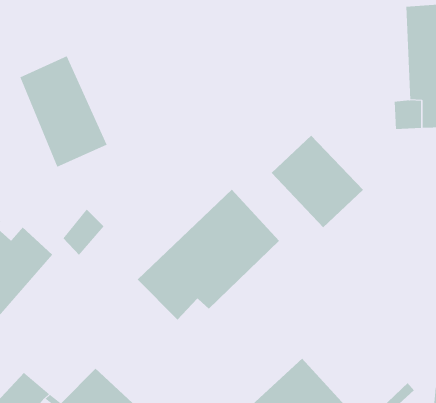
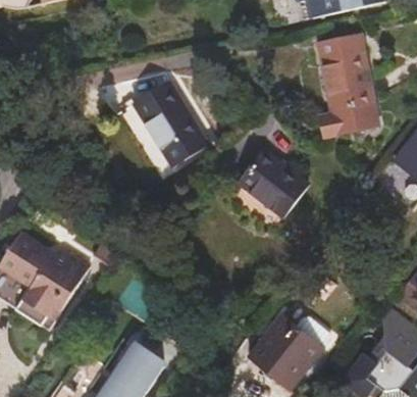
building: [19,55,108,167] -> [135,82,207,165]
building: [137,189,280,321] -> none

